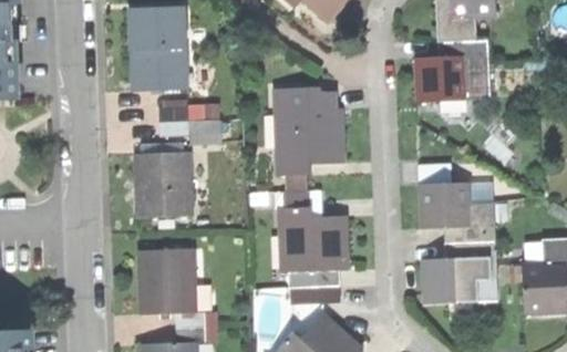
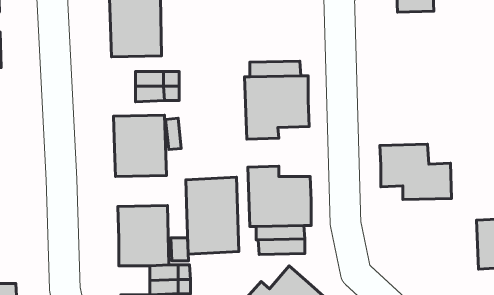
building: [416,40,492,101] -> none
building: none -> [186,177,239,254]
building: [422,239,496,302] -> none

